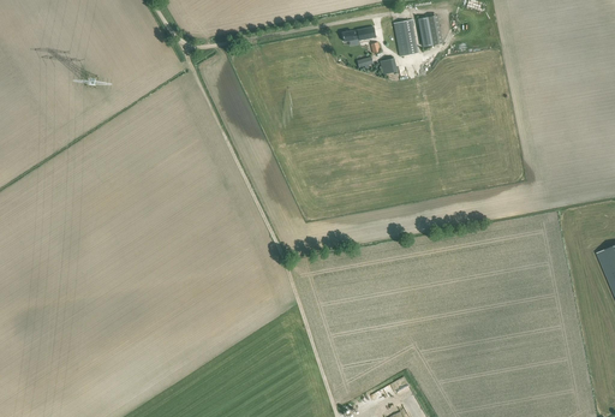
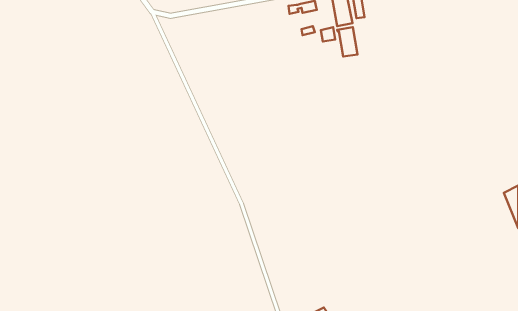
building: none -> [337,27,358,57]

